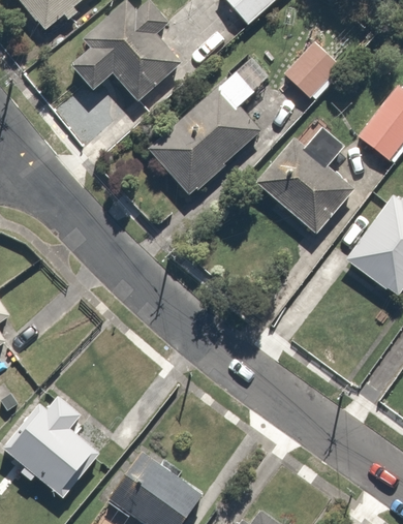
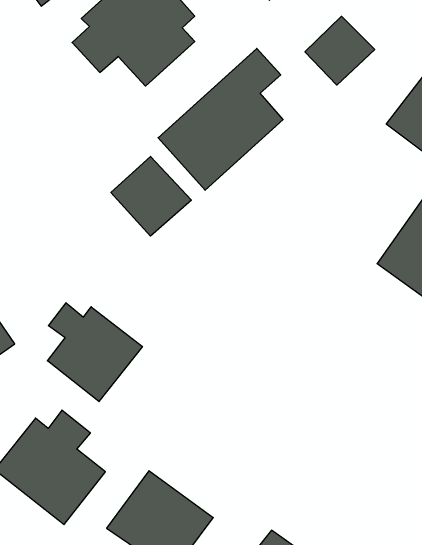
building: [254,117,358,235] -> none
building: none -> [111,156,191,236]
building: none -> [47,303,142,402]

